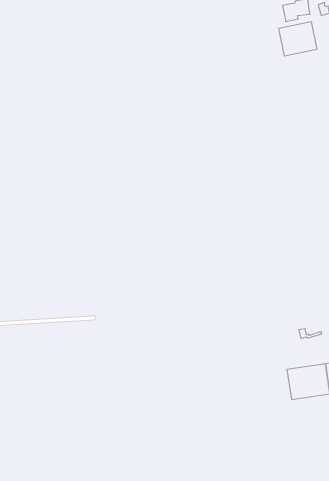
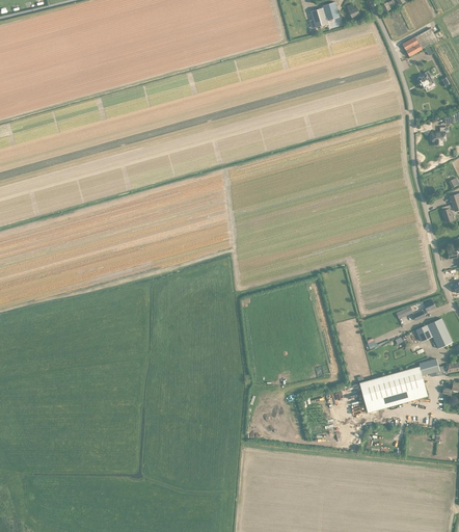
building: [279,22,317,56] -> none

